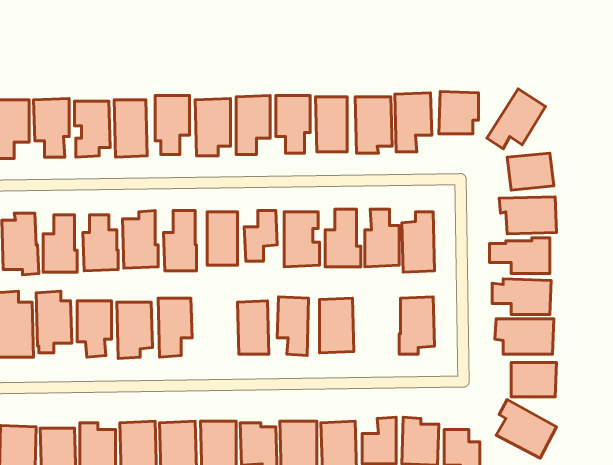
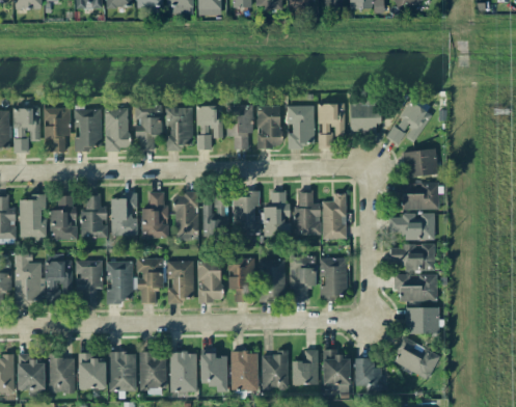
building: none -> [289,256,316,302]
building: none -> [166,261,194,304]

